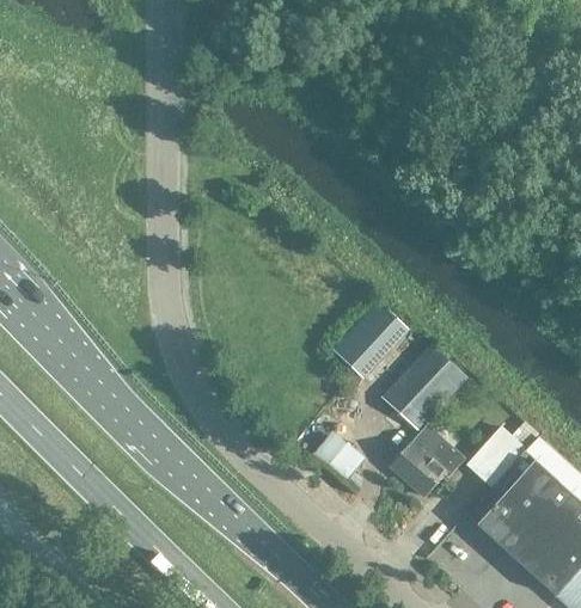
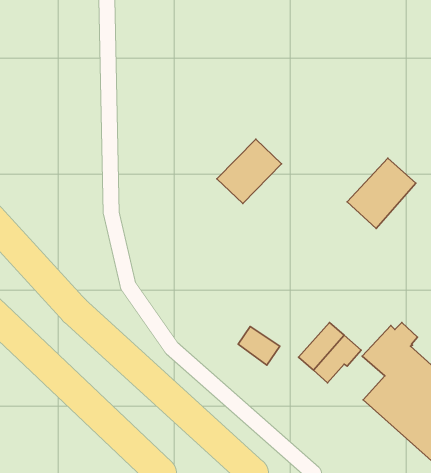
building: [335,300,412,377] -> [217,139,281,204]
building: [384,346,466,431] -> [347,158,416,229]

